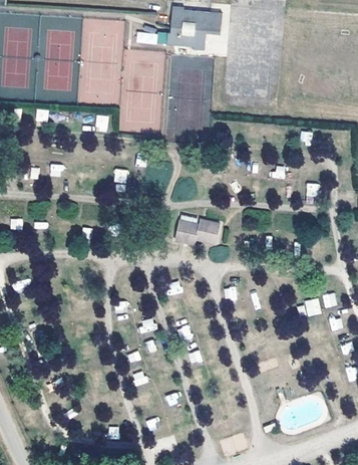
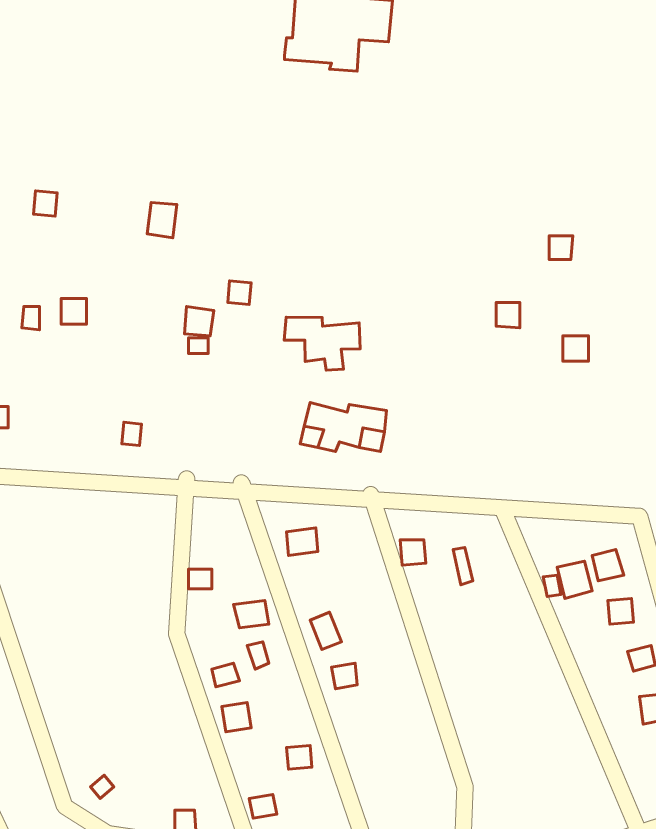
building: none -> [284,317,360,370]

